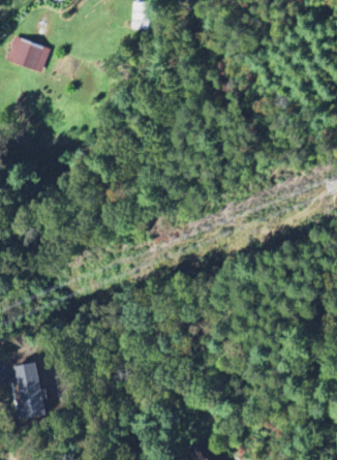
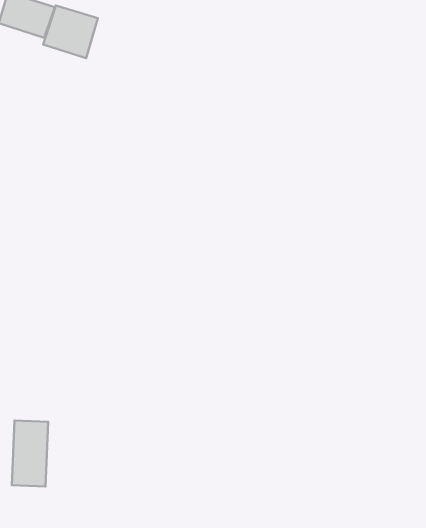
building: none -> [43,5,98,58]

